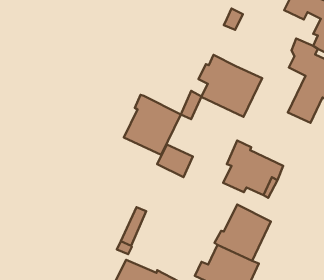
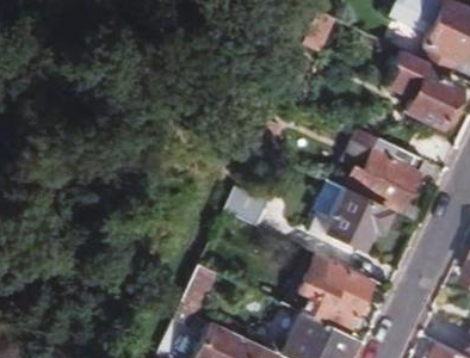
building: [198,55,262,117] -> [340,130,421,209]
building: [124,95,181,155] -> none

